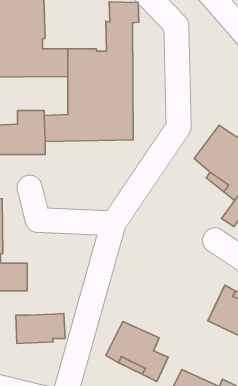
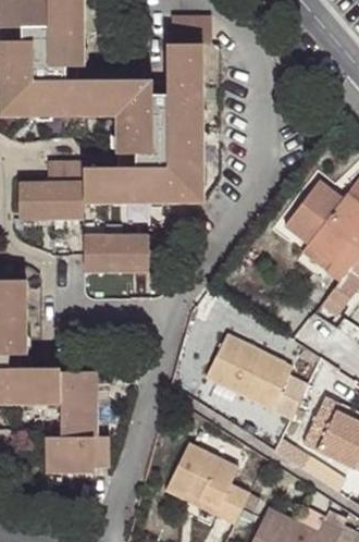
building: none -> [85,234,149,272]
building: none -> [207,334,308,419]
building: none -> [61,370,97,435]

